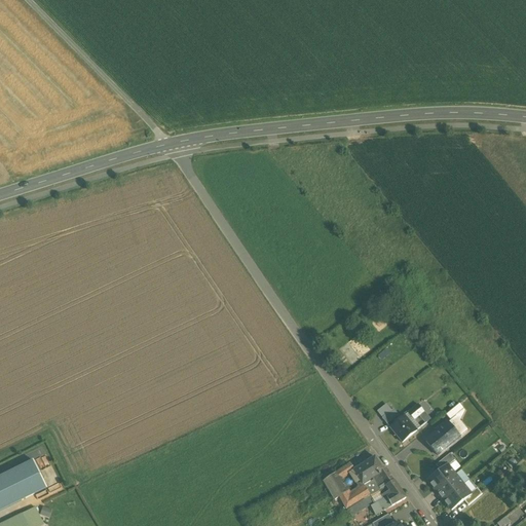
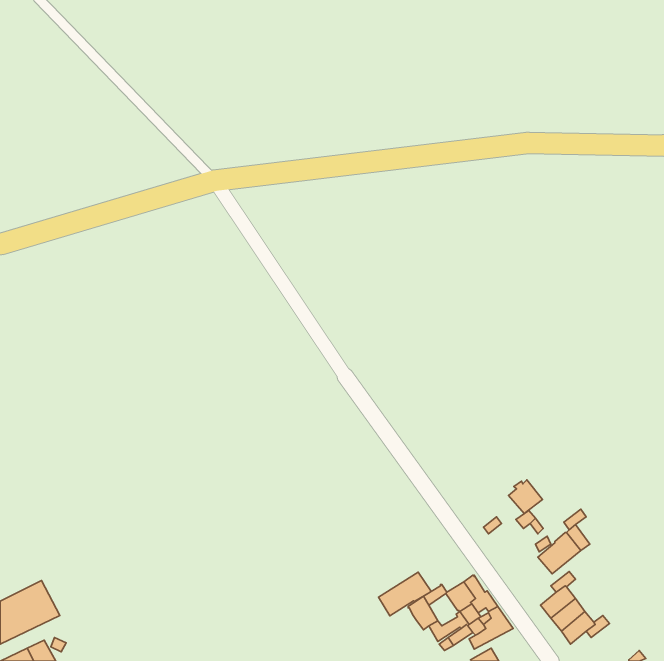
building: [389,414,416,441] -> [509,480,542,514]
building: none -> [379,572,431,616]

